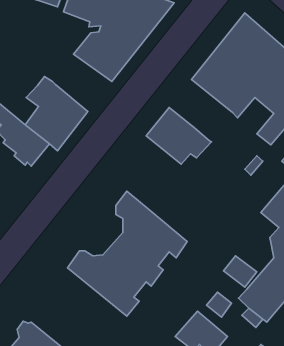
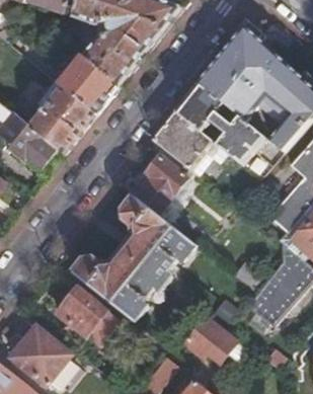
building: none -> [59,55,119,116]
building: none -> [176,84,262,165]
building: none -> [134,157,186,216]
building: none -> [55,285,106,339]

